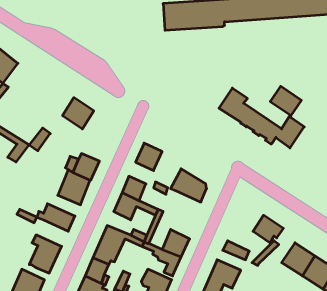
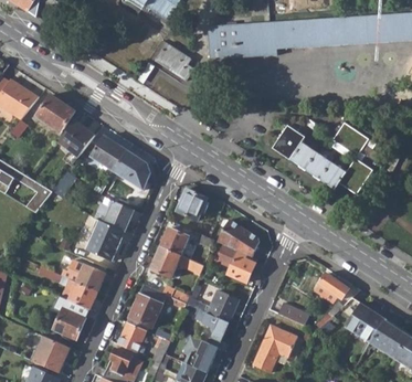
building: none -> [155,42,192,79]
building: none -> [35,94,74,132]
building: none -> [57,119,94,156]
building: none -> [114,151,148,188]
building: none -> [216,244,254,282]
building: none -> [61,278,97,309]

